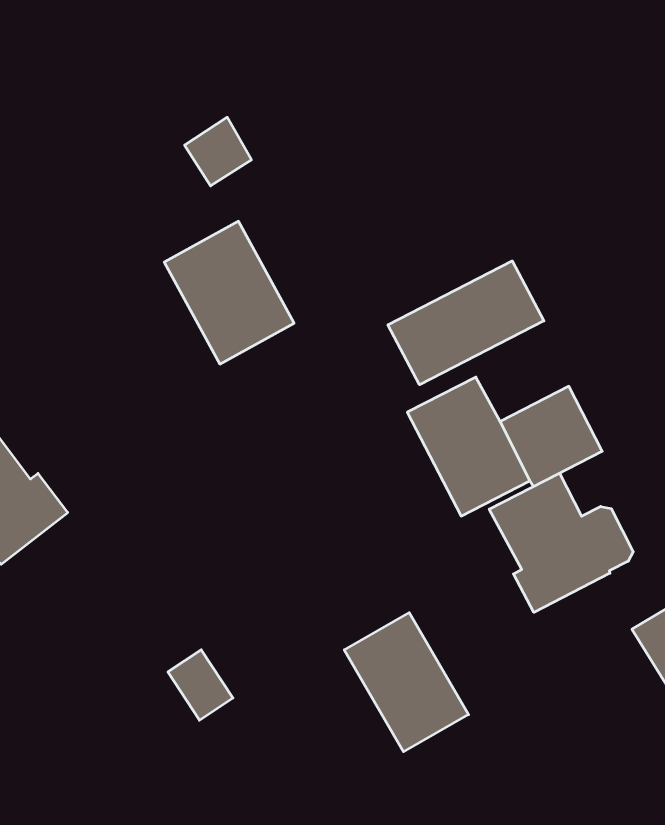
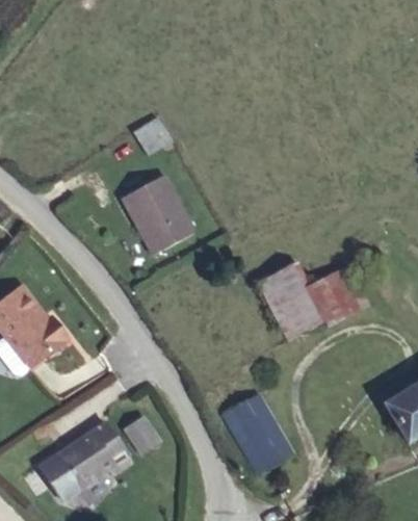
building: [388,261,544,385] -> none
building: [489,473,633,612] -> none
building: none -> [38,422,130,499]

